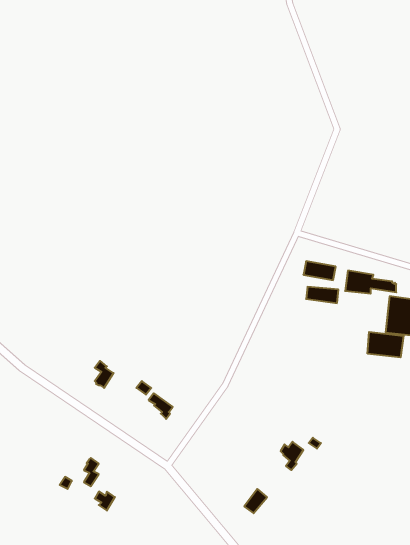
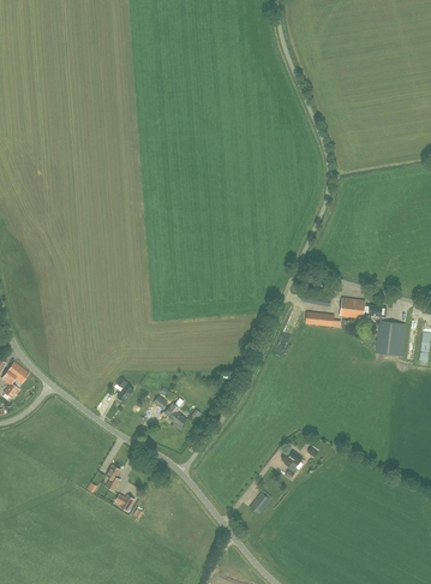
building: [368,332,403,357] -> none

